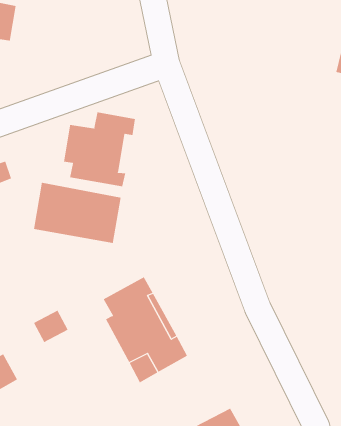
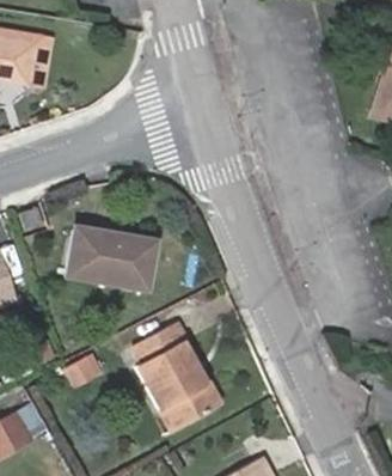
building: [63,112,136,187] -> none

